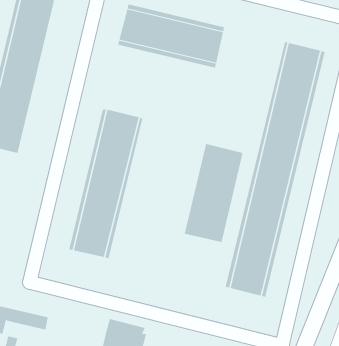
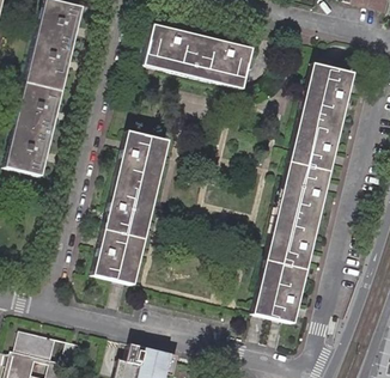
building: [184,143,243,243] -> none

